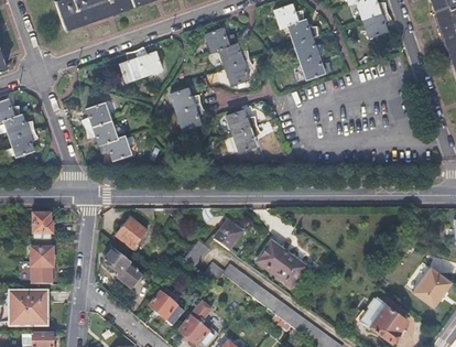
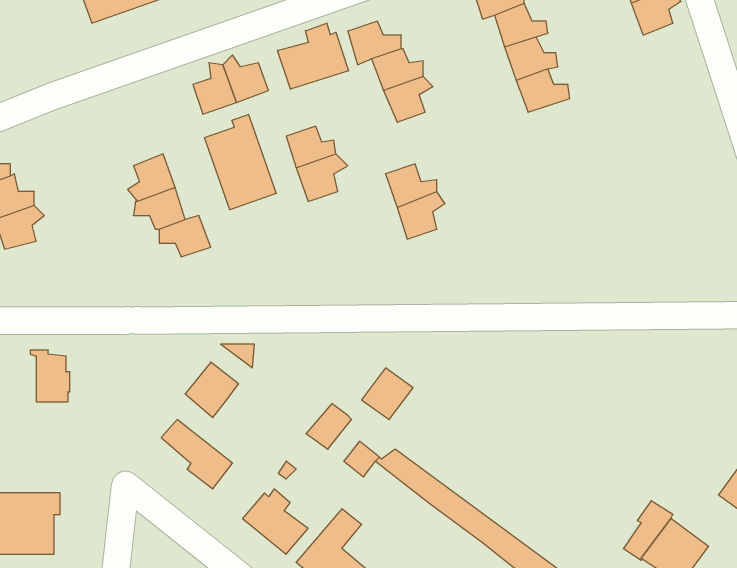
building: none -> [277,23,349,89]
building: none -> [205,114,276,210]
building: [30,239,52,283] -> none
building: [257,242,312,288] -> none

